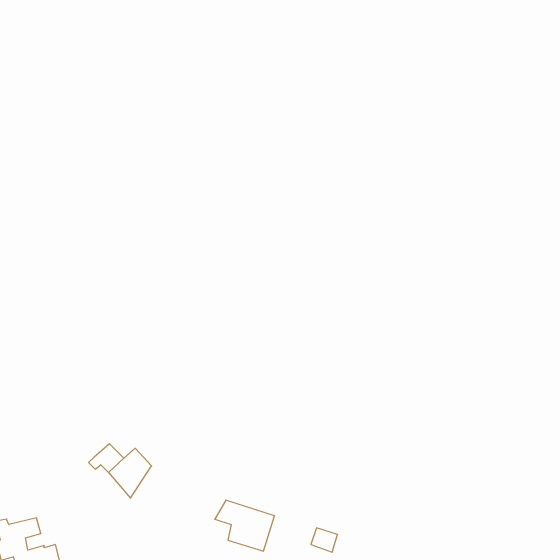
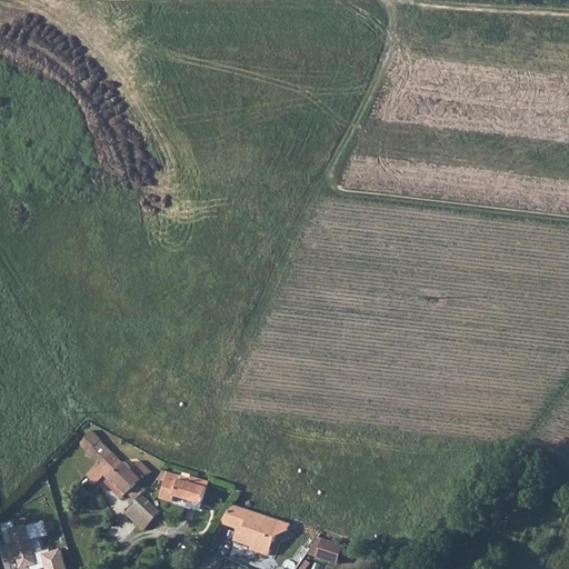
building: none -> [77,431,110,465]
building: none -> [160,470,208,503]
building: none -> [123,493,159,535]

